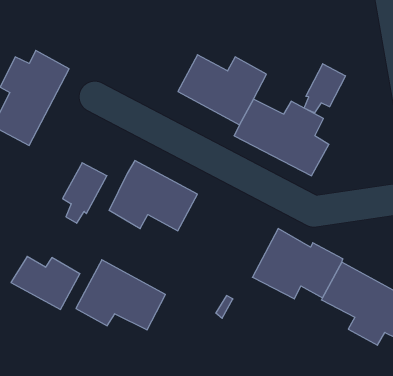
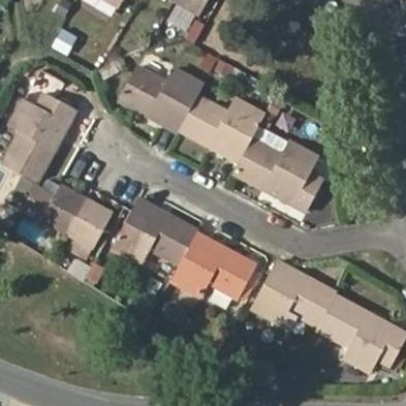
building: none -> [119,66,205,133]
building: [304,64,345,113] -> none
building: [11,256,80,309] -> [22,182,88,232]
building: [76,260,165,330] -> [171,232,257,300]

